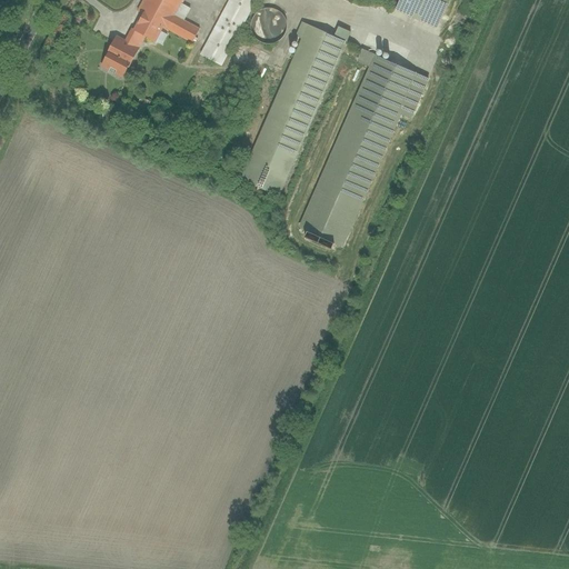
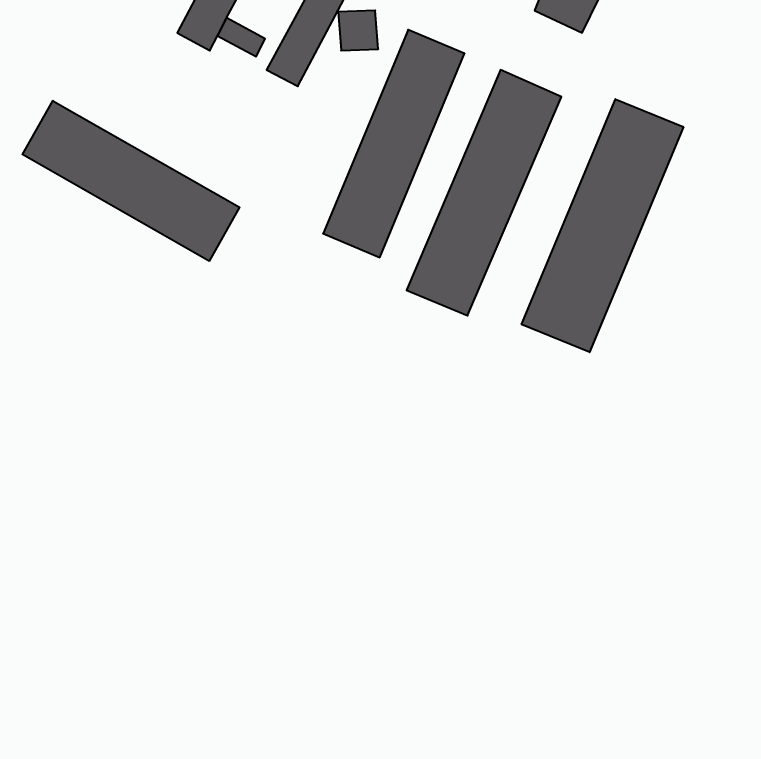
building: [100,33,139,77] -> none
building: none -> [522,99,683,352]
building: none -> [22,101,240,261]

